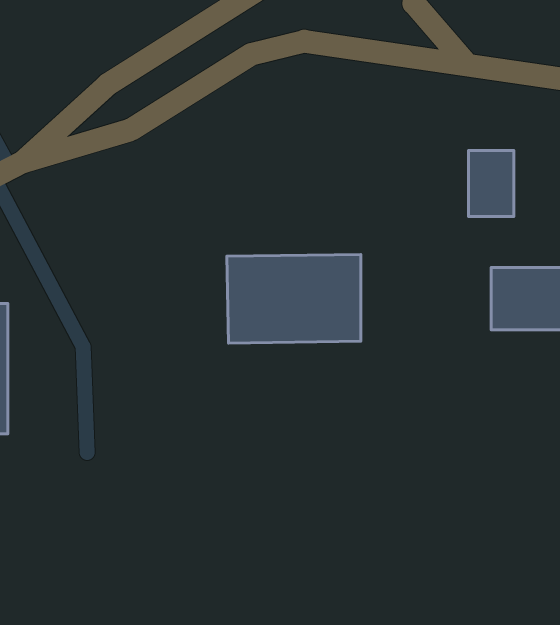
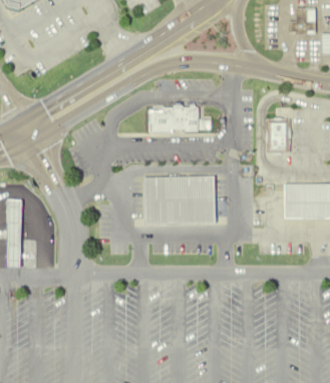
building: none -> [149,108,211,132]

